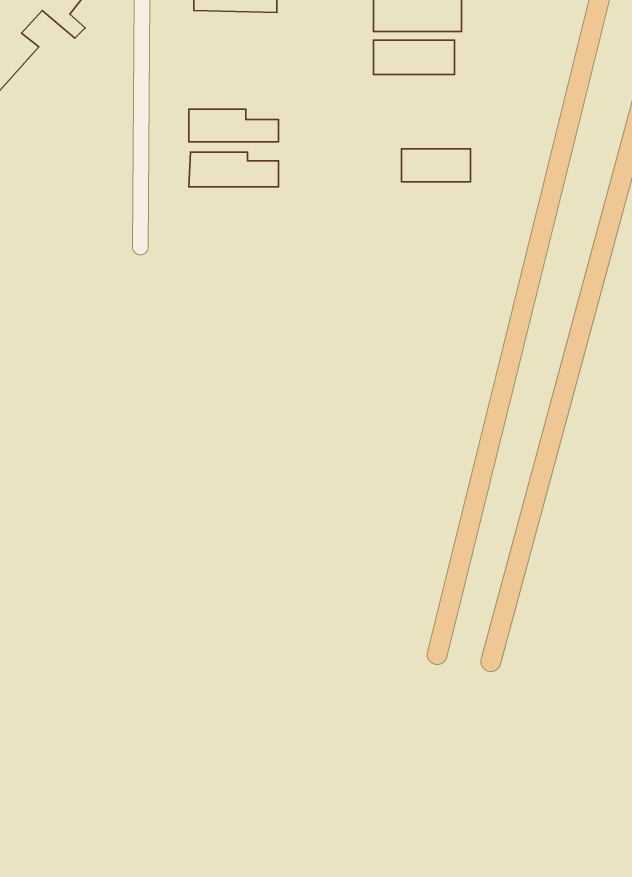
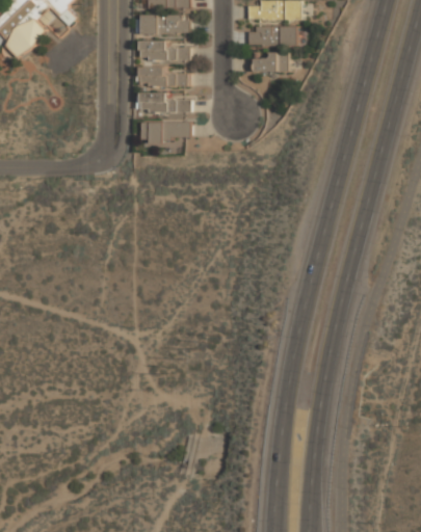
building: none -> [136,15,190,34]
building: none -> [142,42,190,59]
building: [402,149,471,182] -> [248,52,290,72]
building: none -> [142,121,191,143]

